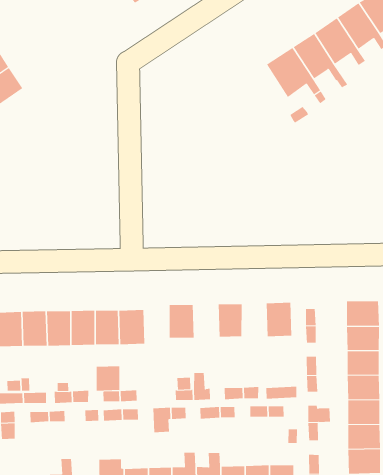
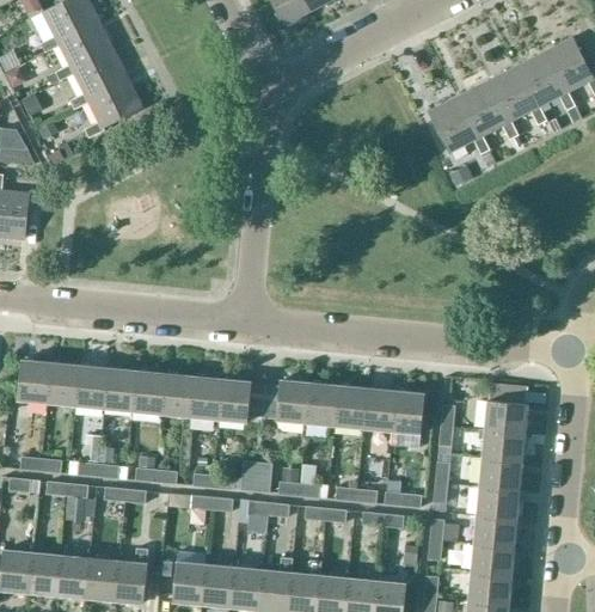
building: none -> [363,390,395,432]
building: none -> [307,384,339,426]
building: [96,366,120,391] -> [239,460,271,491]

